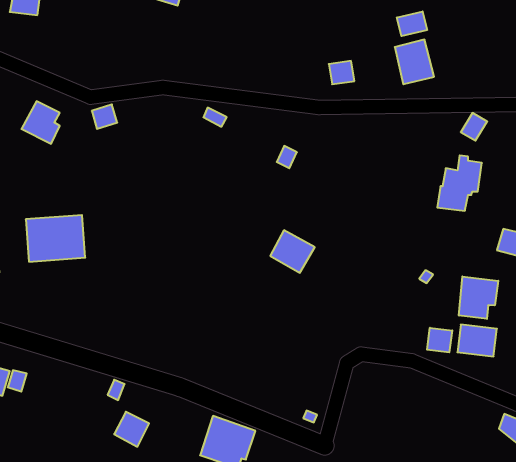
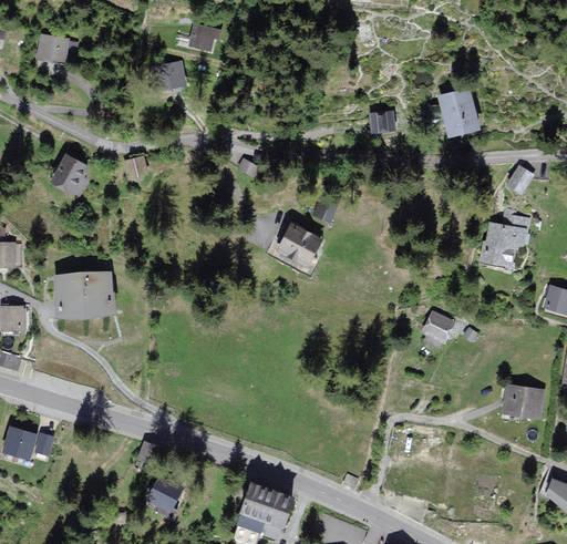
building: [397,11,427,36] -> none
building: none -> [152,61,186,90]
building: [270,230,315,273] -> [278,222,324,266]
building: none -> [422,310,456,342]
building: [459,276,498,319] -> none
building: [427,328,452,352] -> none

